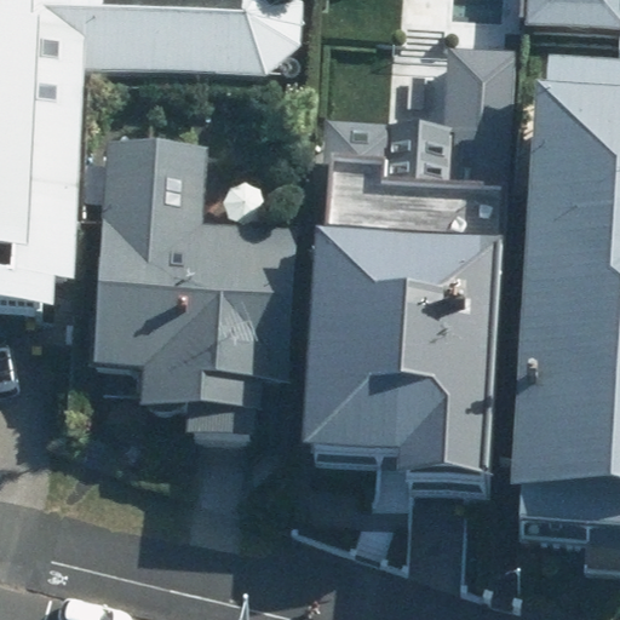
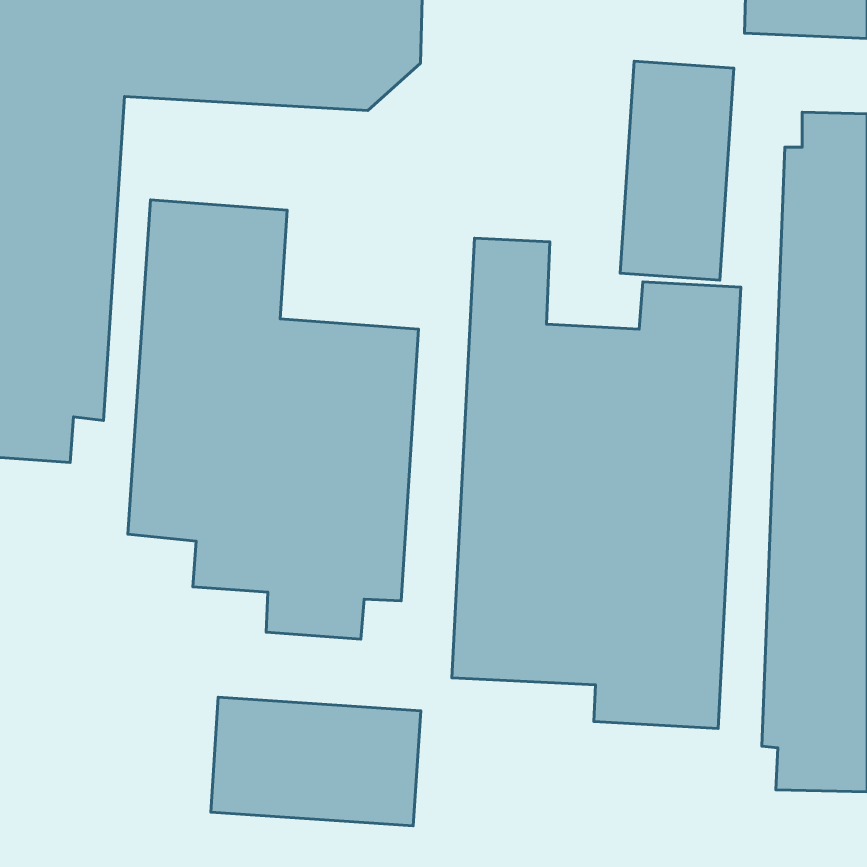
building: none -> [211,697,421,826]

